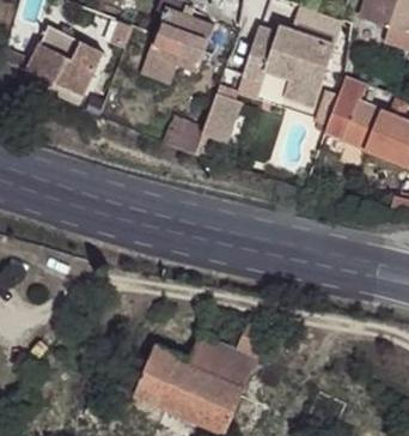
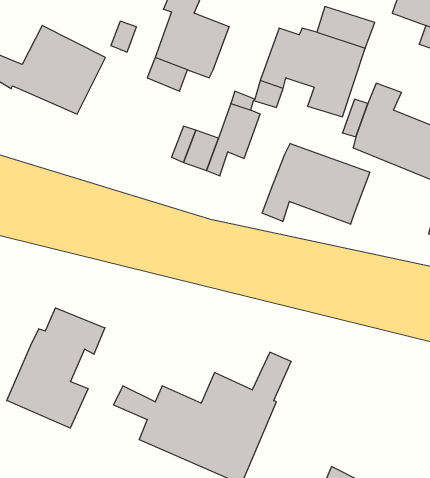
building: none -> [262,143,370,224]
building: none -> [7,308,105,428]

